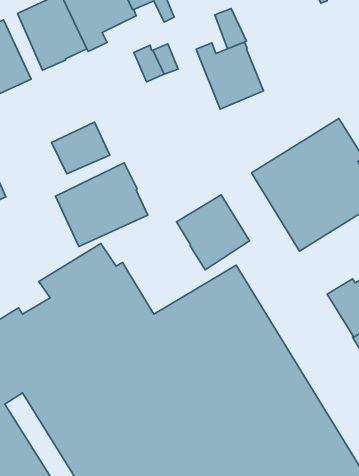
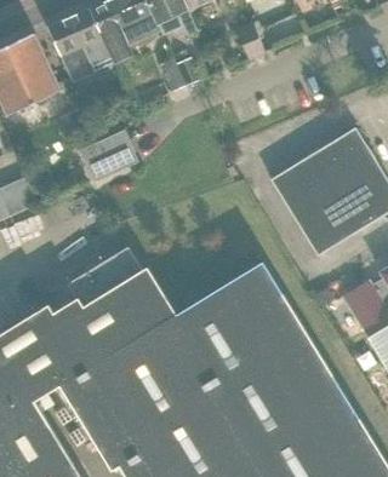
building: [196,42,264,109] -> none
building: [56,163,148,247] -> none
building: [176,195,249,270] -> none

